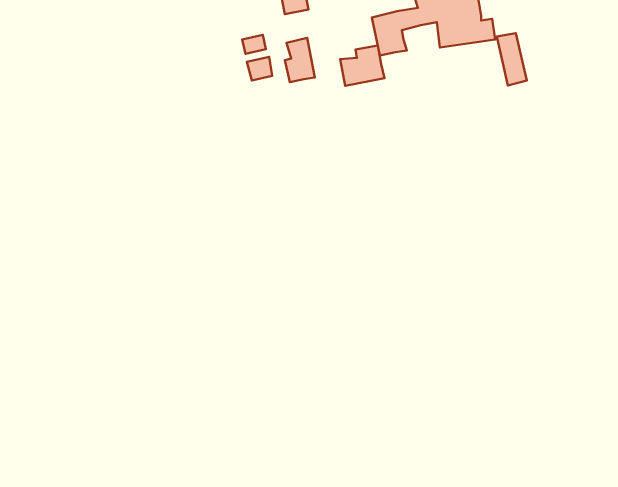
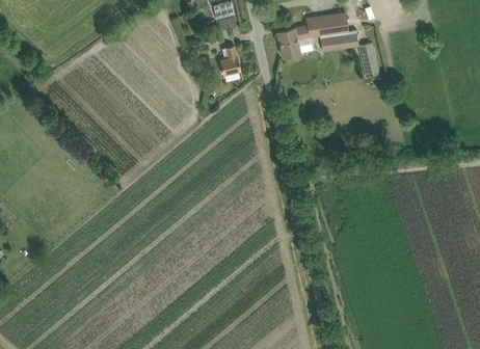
building: [340,45,385,86] -> none

